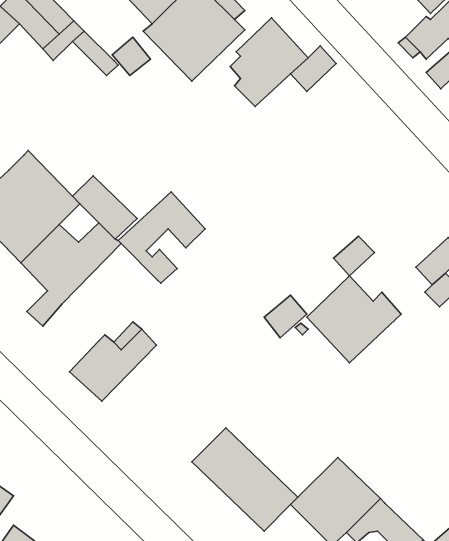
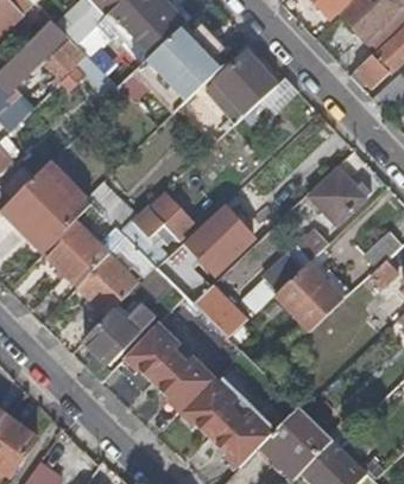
building: none -> [310,168,371,223]
building: none -> [185,204,253,270]
building: none -> [77,235,154,313]
building: none -> [192,284,247,337]
building: none -> [125,327,209,410]

